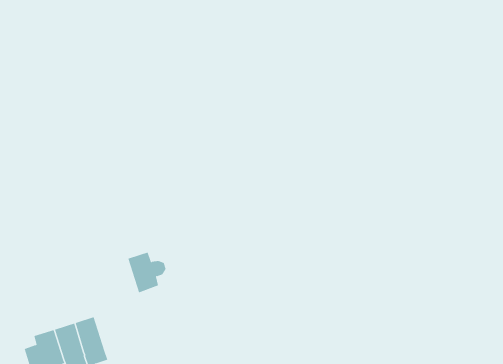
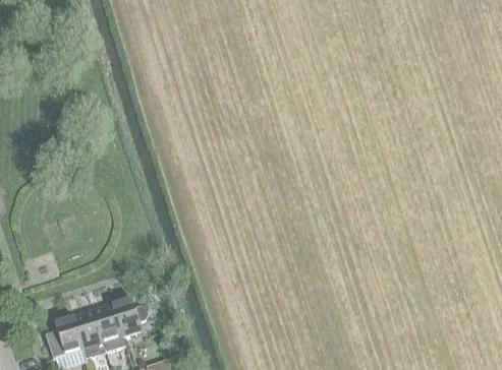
building: [128,252,167,293] -> [112,297,149,335]

